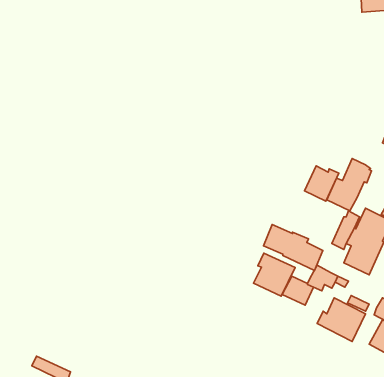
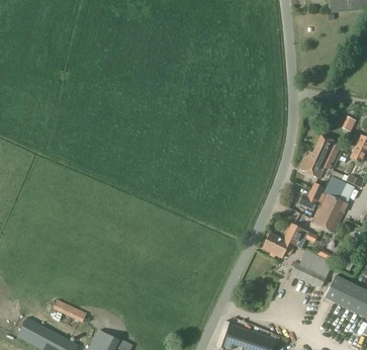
building: [305,166,339,201] -> none
building: [264,225,323,270] -> none
building: [253,253,295,296] -> none

